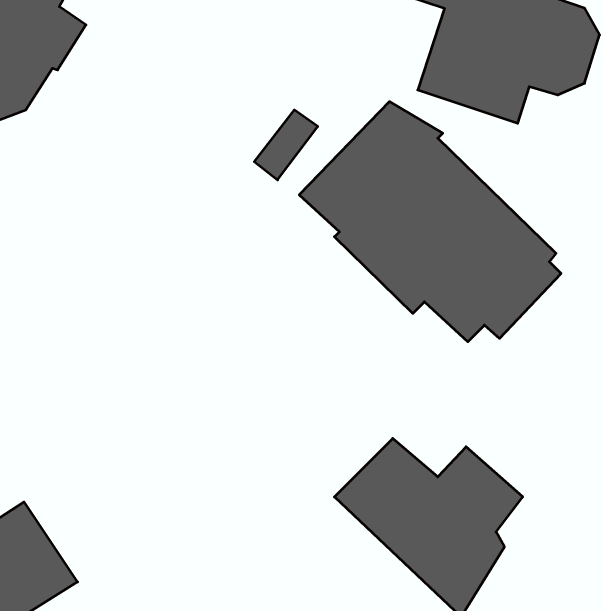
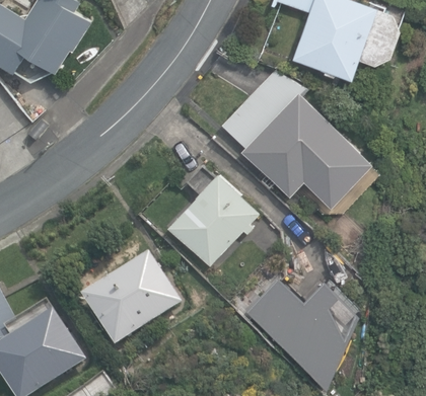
building: none -> [168,172,261,265]
building: none -> [82,255,180,346]

